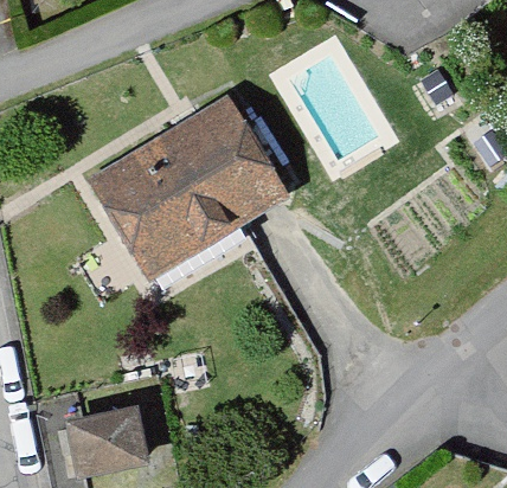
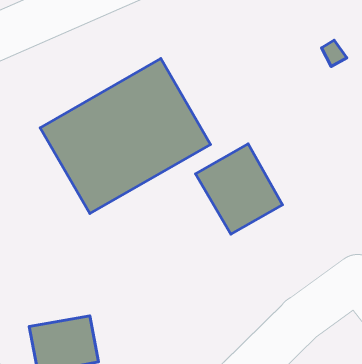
building: none -> [195,144,283,234]

